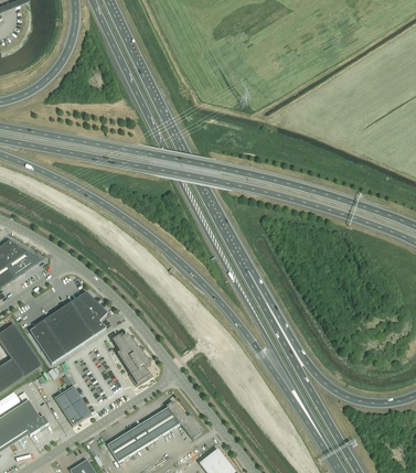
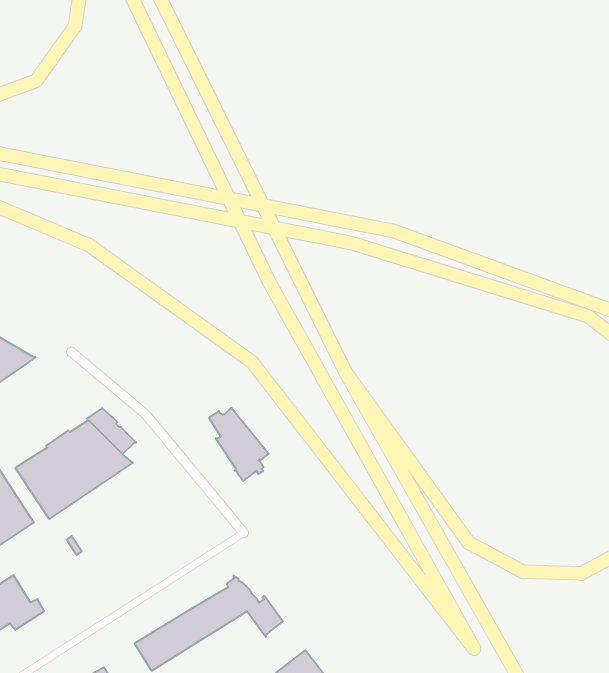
building: [113,333,151,380] -> [209,408,269,481]
building: [54,386,92,426] -> none

